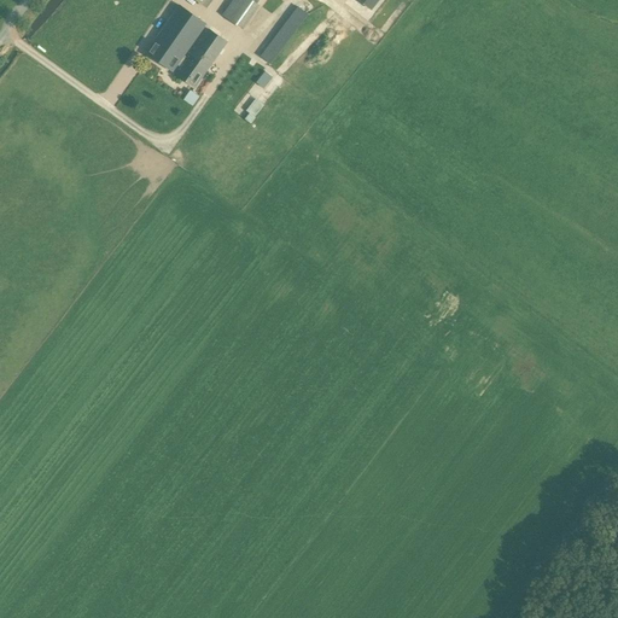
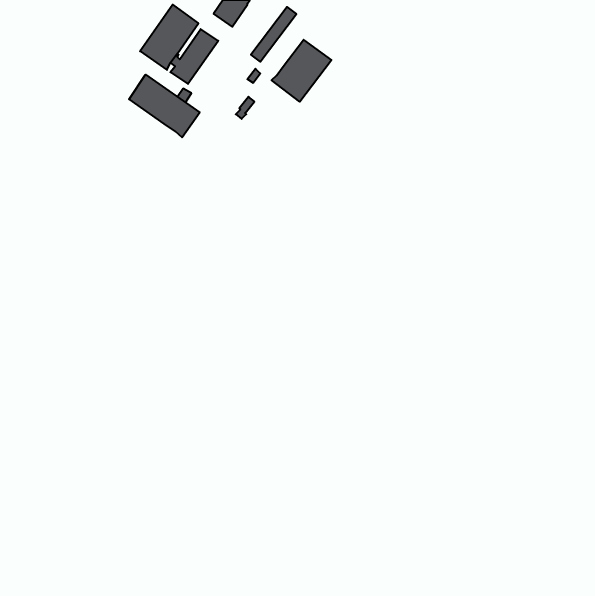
building: none -> [272,40,331,102]
building: none -> [129,75,200,137]

